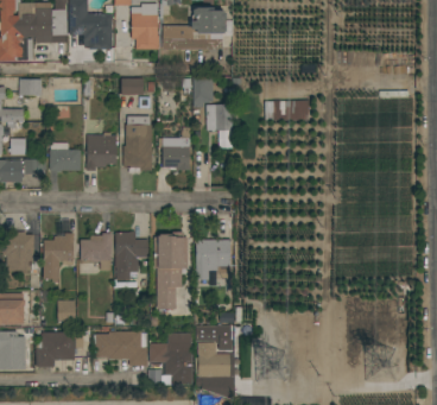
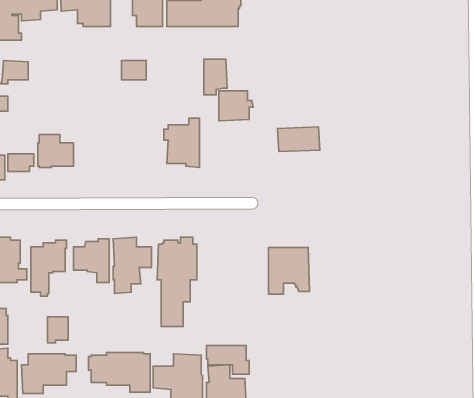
building: [273,100,310,121] -> [277,127,320,152]
building: [124,116,152,173] -> none
building: [87,135,116,171] -> none
building: [196,240,232,280] -> [269,248,310,294]

